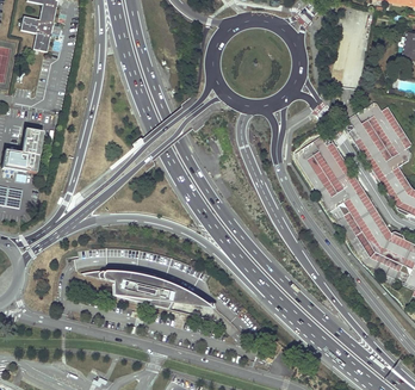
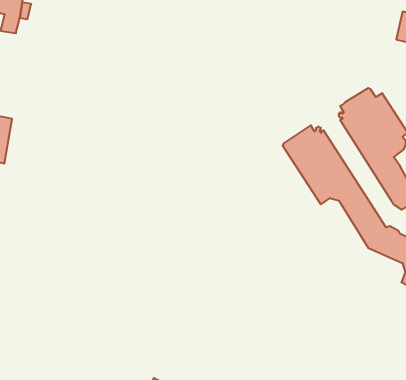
building: [80,268,217,310] -> none

